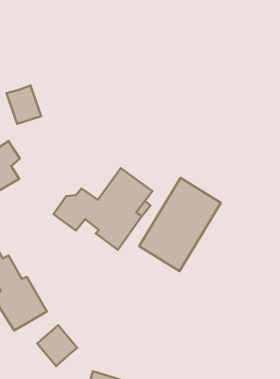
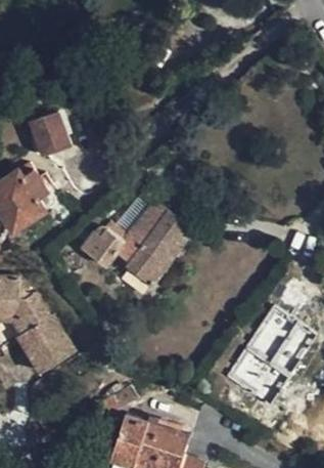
building: [139,178,221,271] -> [226,305,313,405]
building: [37,325,77,366] -> none

